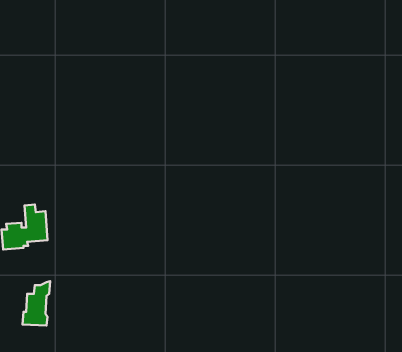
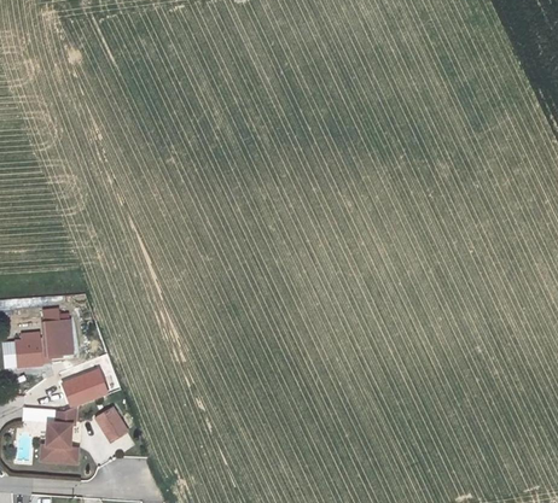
building: none -> [64,373,110,408]
building: none -> [97,408,127,441]

